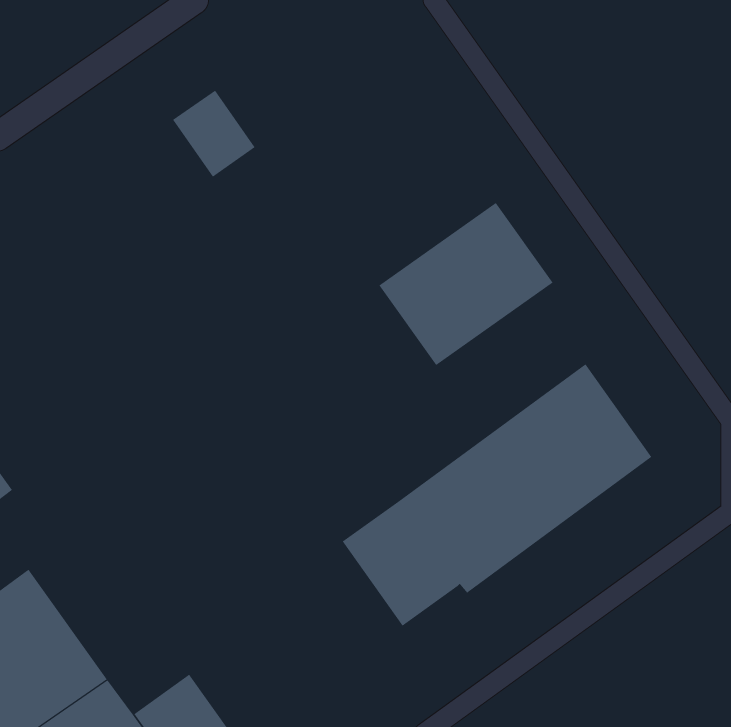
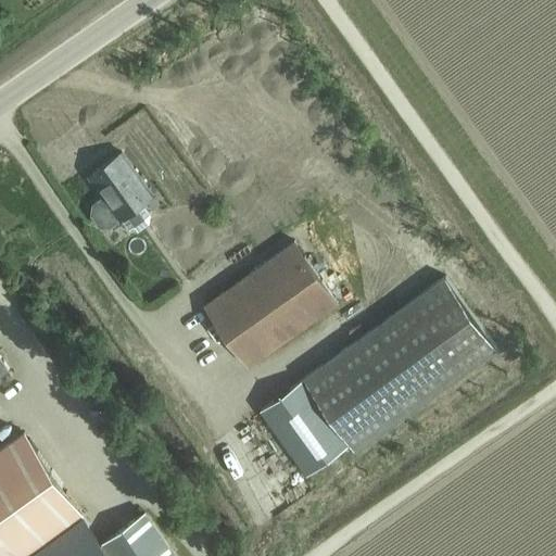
building: [172,90,256,177] -> [87,157,150,224]
building: [378,202,554,366] -> [203,245,336,369]

